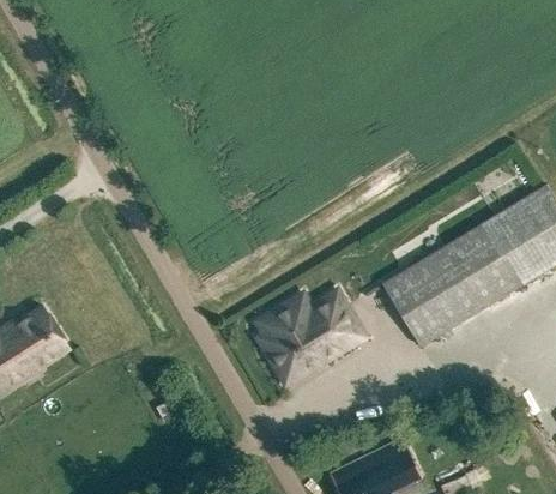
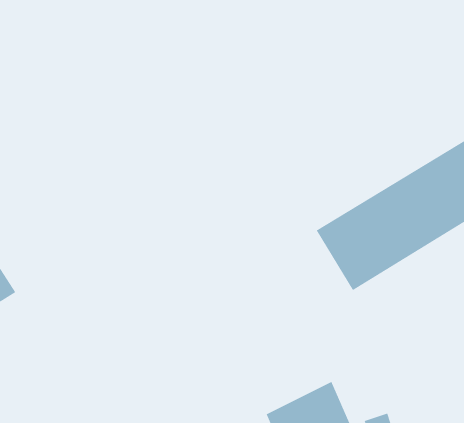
building: [258,291,362,375] -> none

